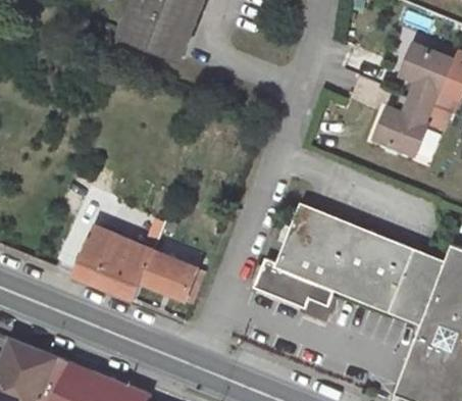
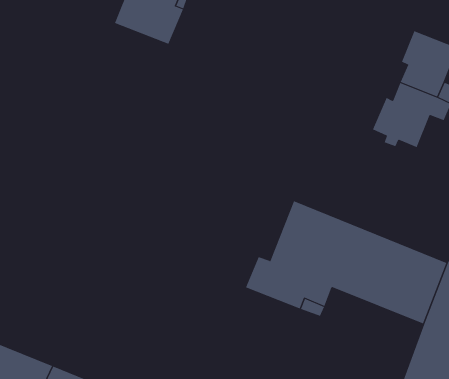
building: [73,227,204,304] -> none

